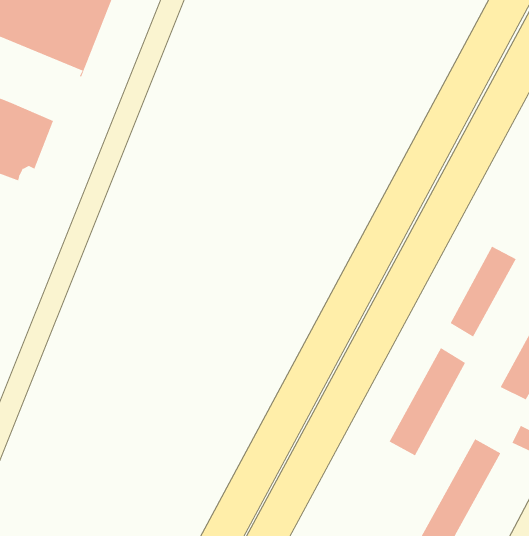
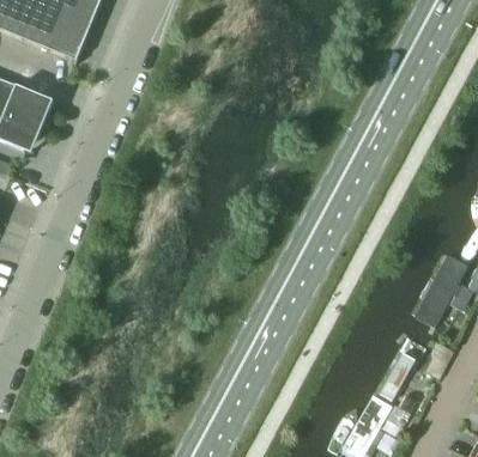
building: [450,246,516,338] -> none
building: [389,347,466,456] -> none

